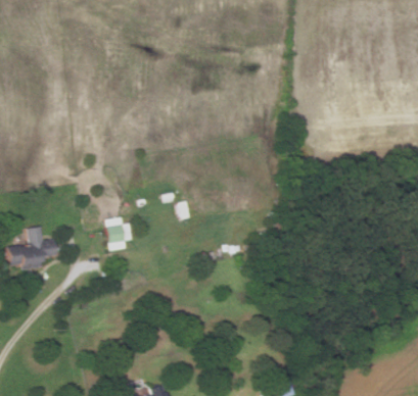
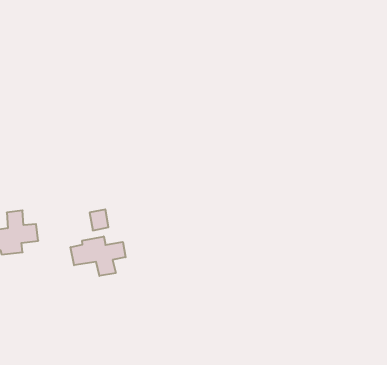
building: none -> [71,236,126,276]

